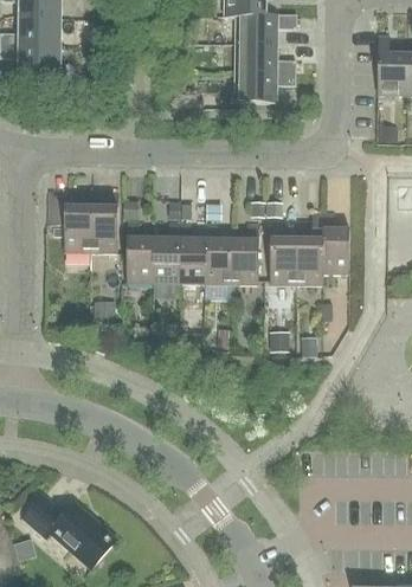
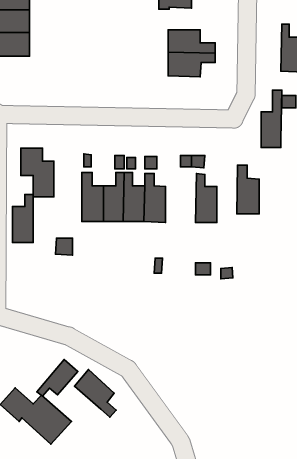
building: [236,13,295,43] -> none
building: [91,193,117,253] -> [12,194,33,242]
building: [297,213,323,285] -> [261,90,282,147]
building: [232,224,258,285] -> none
building: none -> [37,359,78,396]
building: none -> [75,370,116,417]

